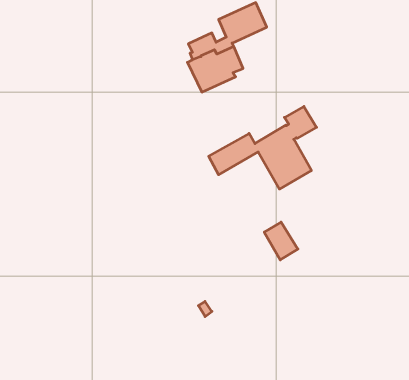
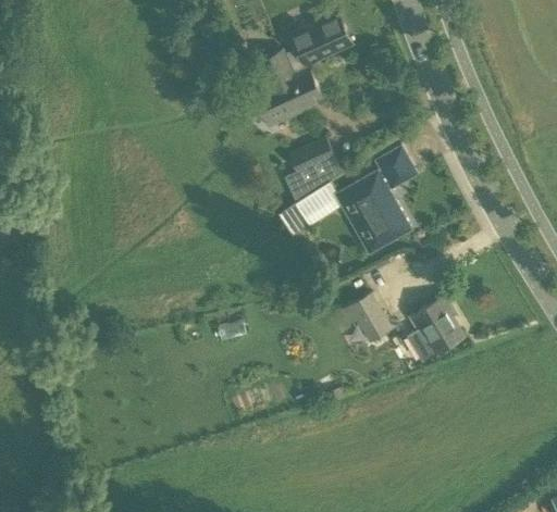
building: none -> [289,139,343,193]
building: none -> [407,297,465,362]

